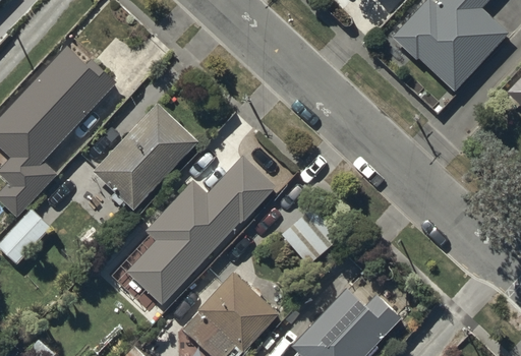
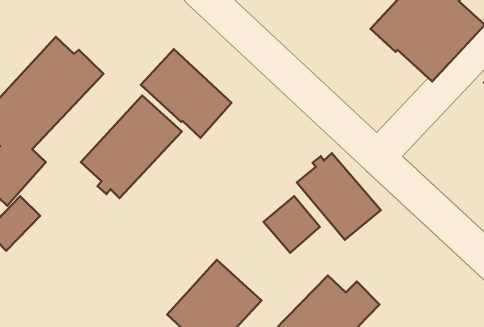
building: none -> [141,49,232,138]
building: [127,156,275,303] -> none
building: none -> [297,153,381,240]

